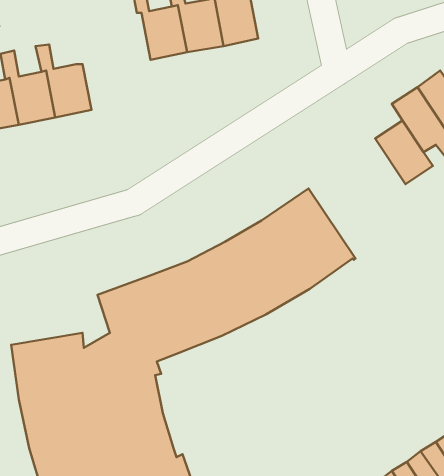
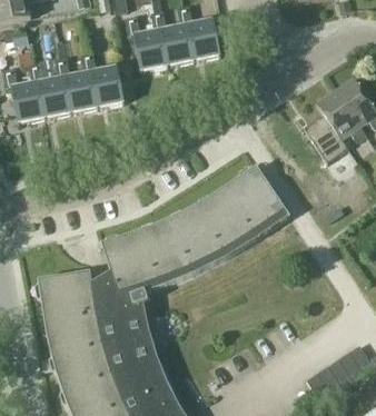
building: none -> [82,53,123,107]

